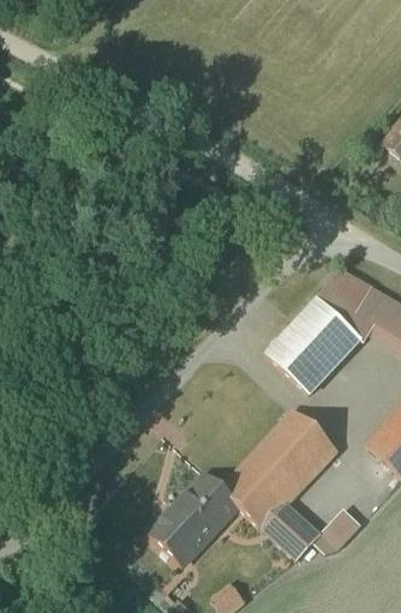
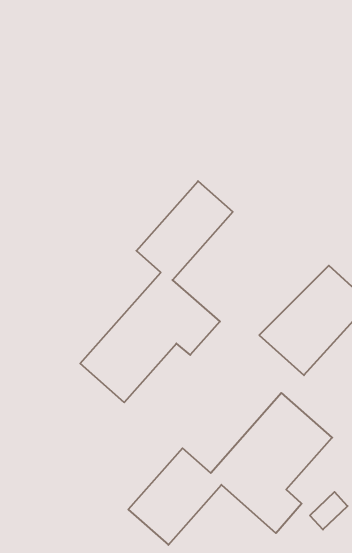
building: none -> [80,181,233,402]

